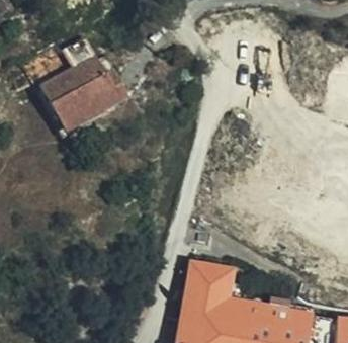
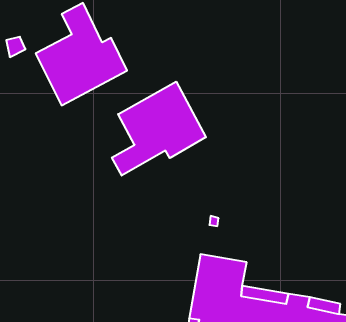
building: none -> [112,82,206,176]

